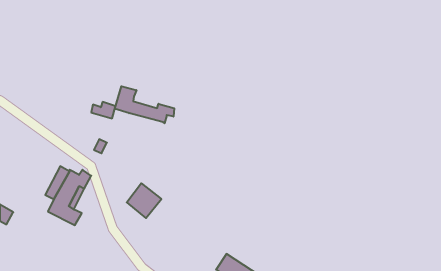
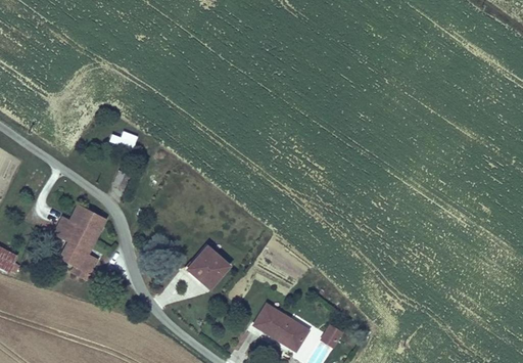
building: [115,86,174,123] -> none
building: [127,183,161,218] -> [186,247,227,288]

